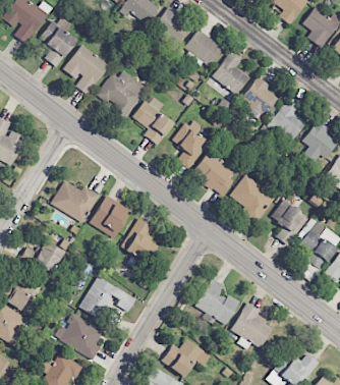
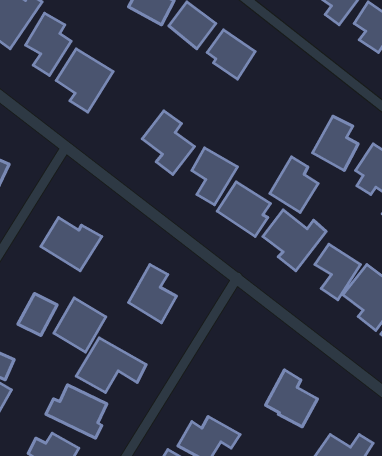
building: [212,52,249,94] -> none
building: [96,70,146,116] -> none
building: [239,75,278,120] -> [270,157,318,213]
building: [90,195,131,238] -> [54,298,106,352]
building: [194,277,239,324] -> none

